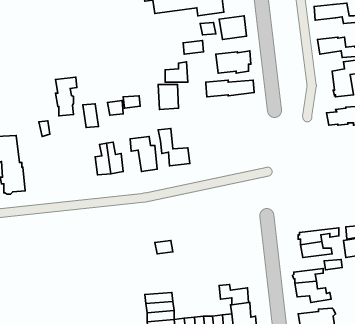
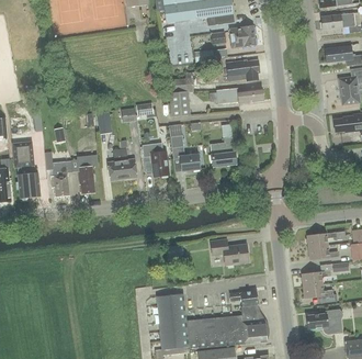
building: [56,77,77,116] -> [78,155,99,192]
building: none -> [210,135,237,167]
building: none -> [50,159,72,195]
building: none -> [211,238,248,263]

